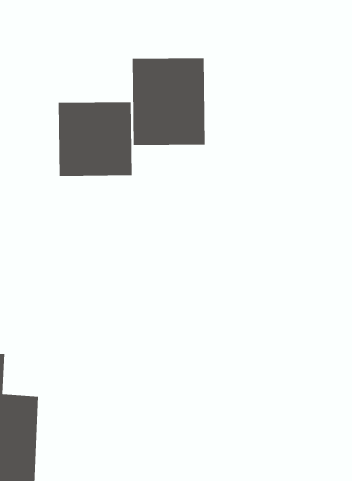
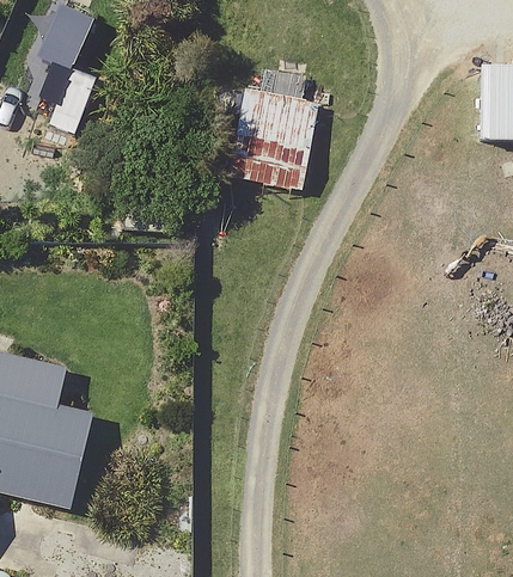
building: [58,101,132,177] -> none

